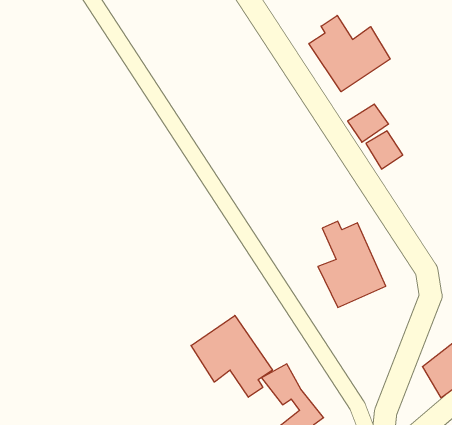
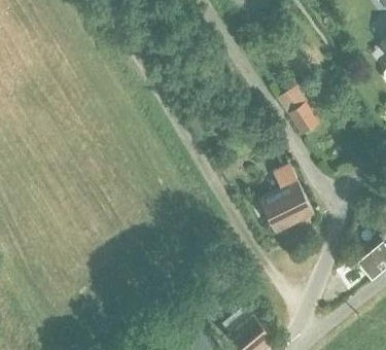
building: [309,15,390,92] -> none
building: [191,315,272,397] -> none

